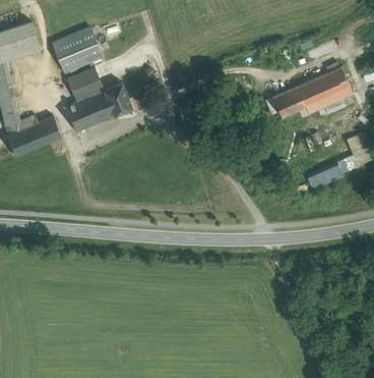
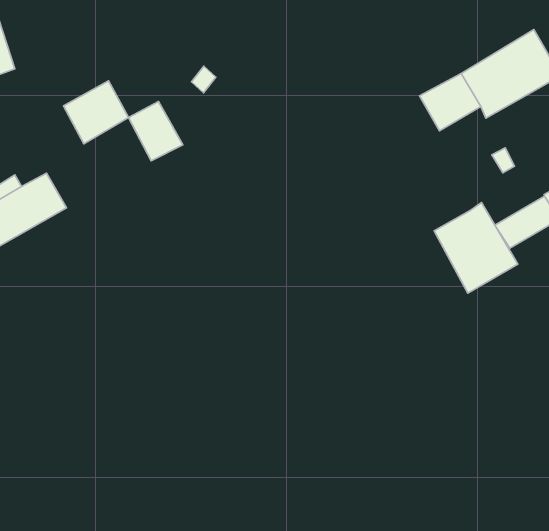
building: [51,26,102,72] -> none
building: [64,90,113,132] -> none
building: none -> [434,203,518,293]

